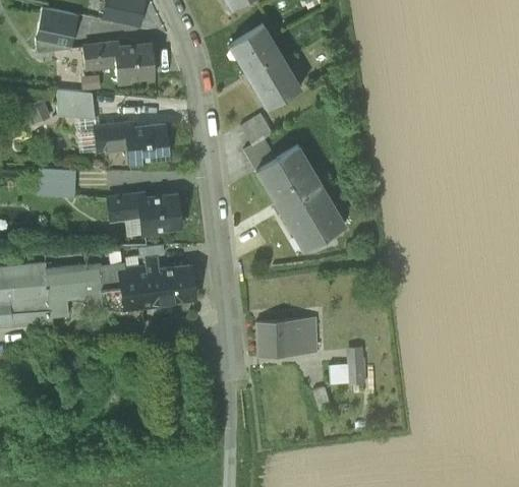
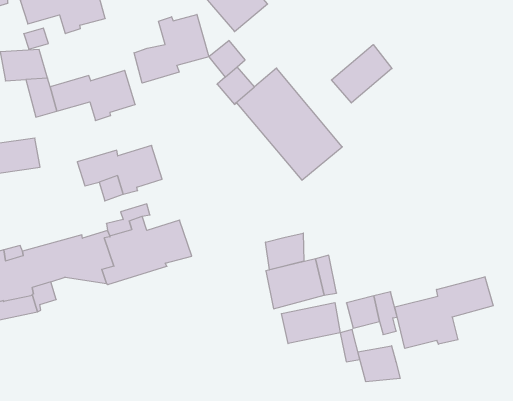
building: none -> [134,14,209,83]
building: none -> [331,45,392,103]
building: none -> [266,233,304,270]
building: none -> [281,303,340,344]
building: none -> [395,277,493,348]
building: none -> [358,346,400,382]

